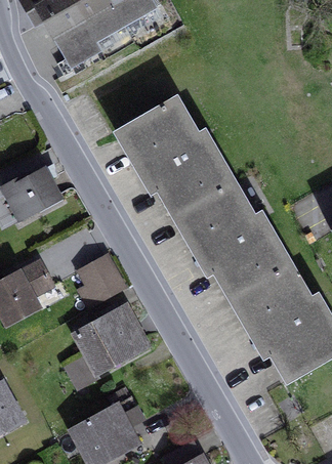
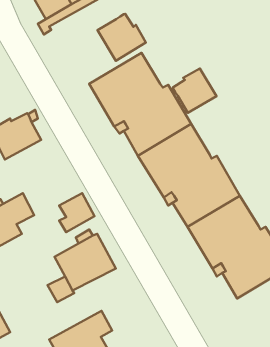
building: none -> [98,14,146,61]
building: none -> [173,69,216,113]

